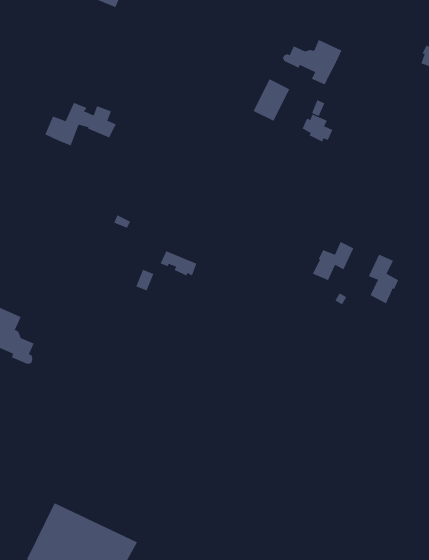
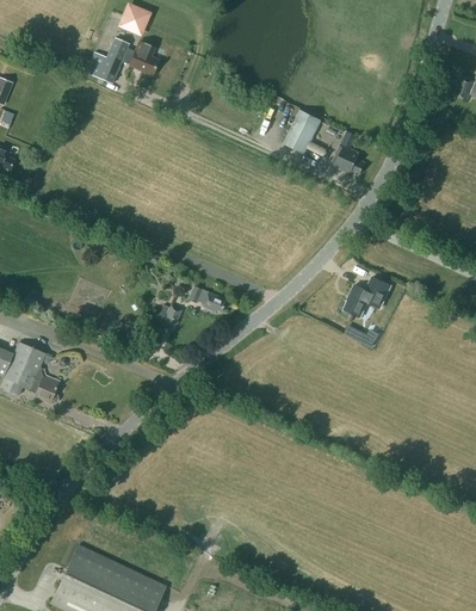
building: [282,39,342,85] -> none
building: [44,102,116,146] -> [85,38,159,84]
building: [368,254,399,304] -> none

